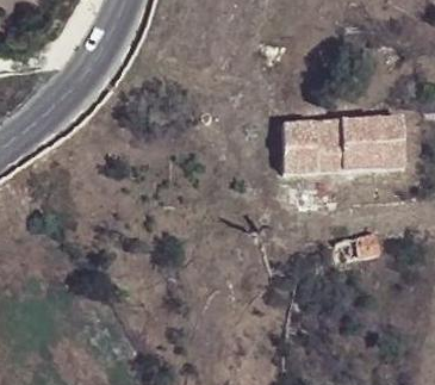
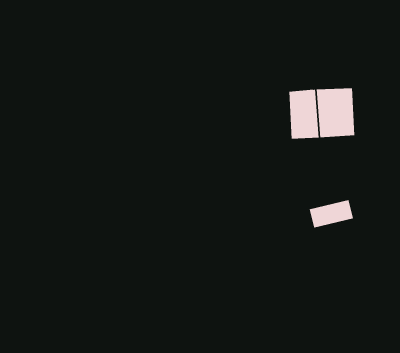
building: [378,116,404,164] -> none
building: [284,120,316,169] -> none

